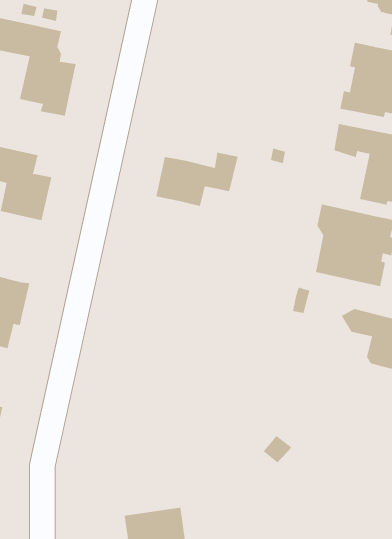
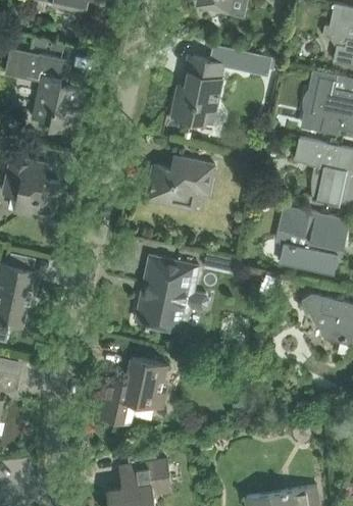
building: none -> [171,47,269,123]
building: none -> [134,255,207,336]
building: none -> [98,356,166,424]

